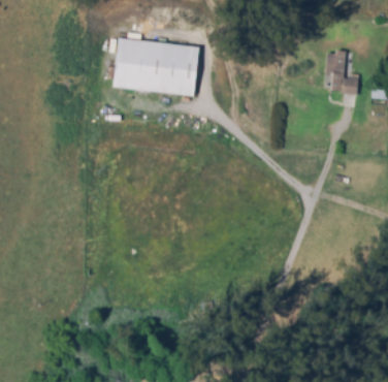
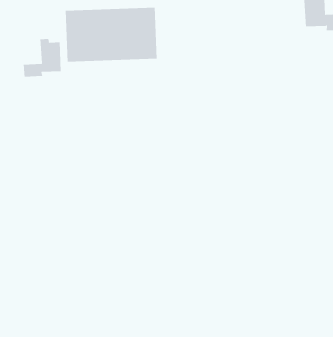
building: none -> [23,38,61,77]

